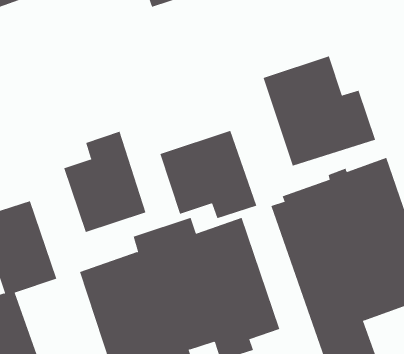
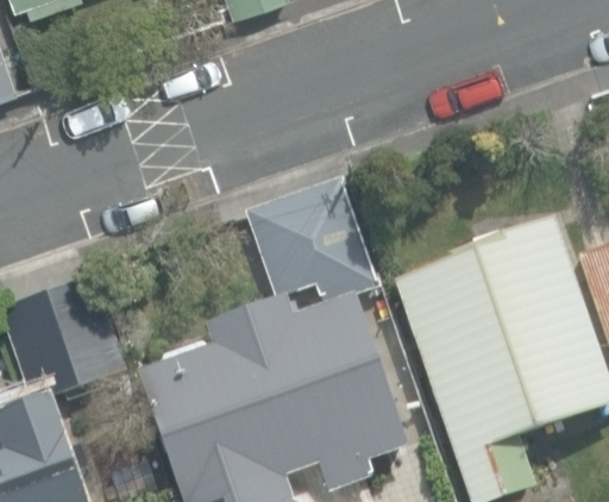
building: [263,55,376,166] -> none
building: [64,131,146,233] -> none

